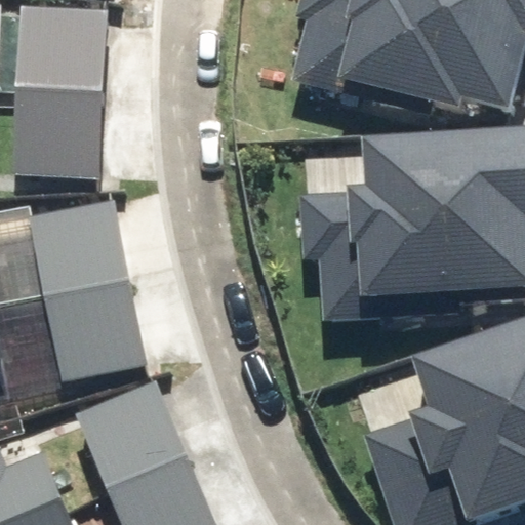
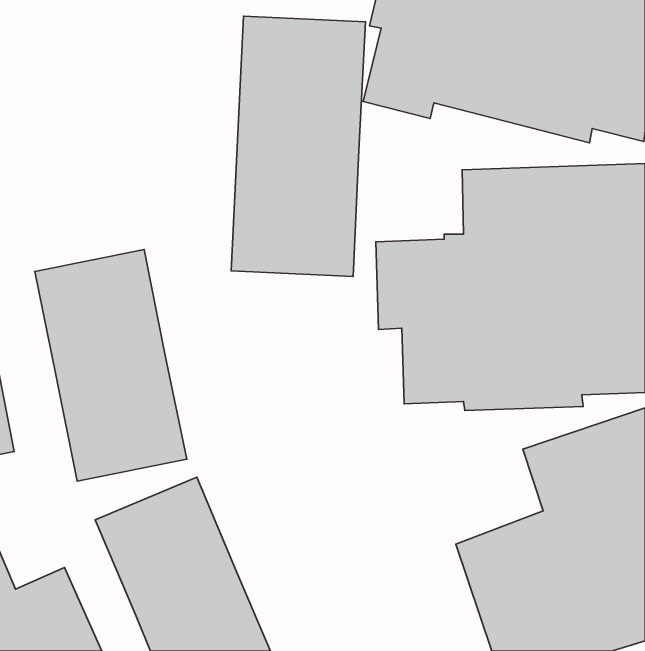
building: [12,4,108,176] -> none
building: none -> [231,16,366,277]

